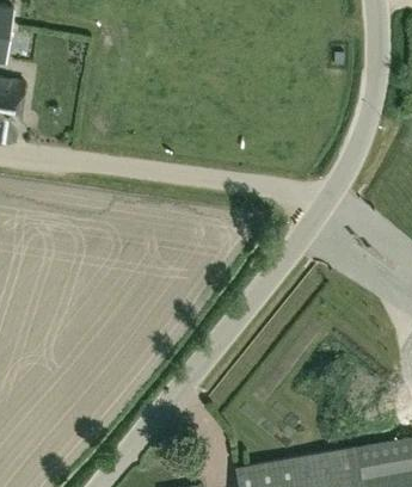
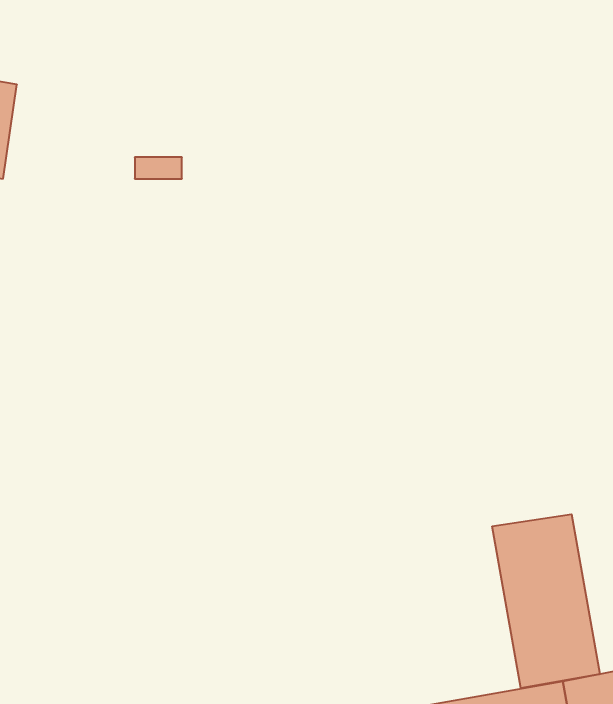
building: none -> [492,514,600,688]

